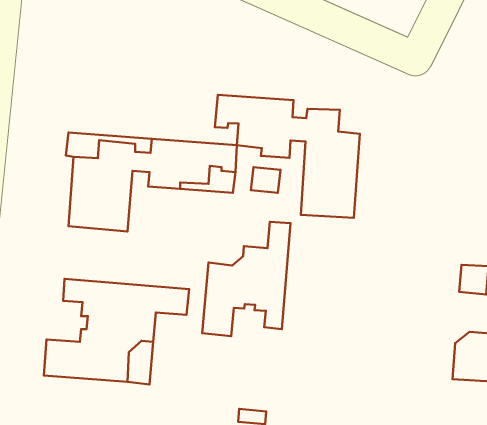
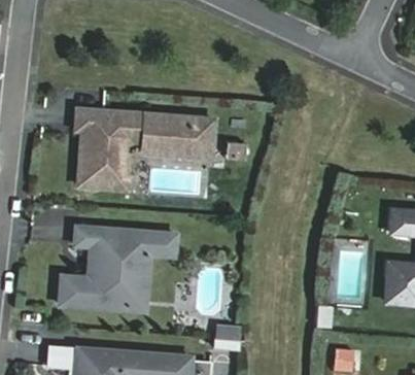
building: [215,95,360,218] -> none
building: [202,222,291,336] -> none

